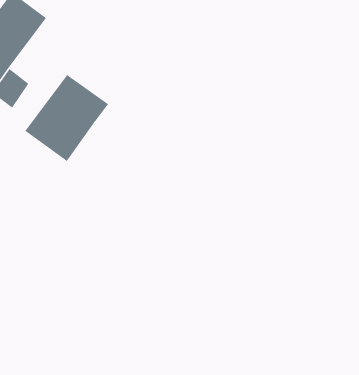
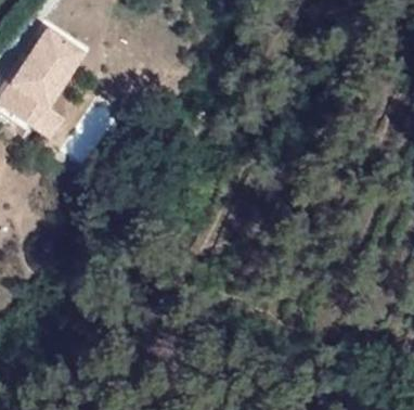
building: [25,74,109,162] -> none

